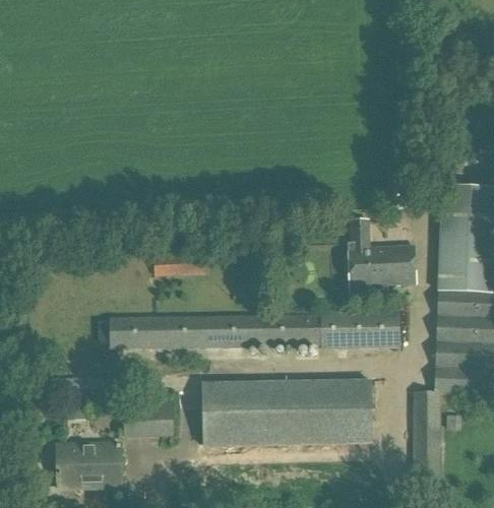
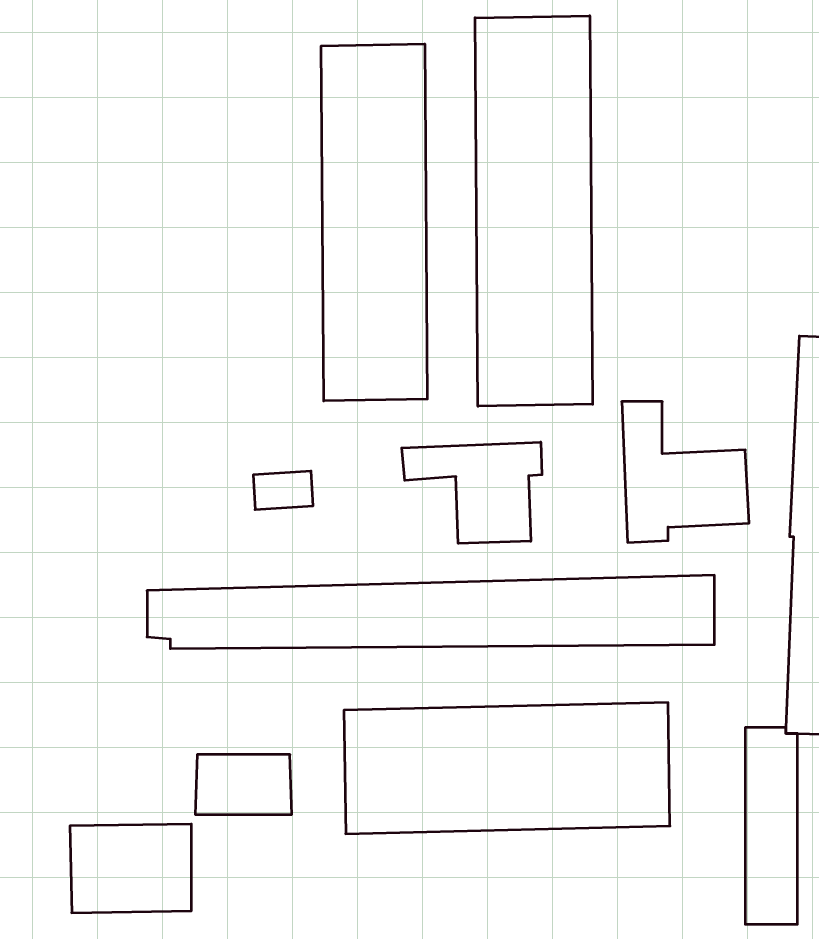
building: none -> [475,16,593,406]
building: none -> [321,44,427,401]
building: none -> [402,442,542,543]

